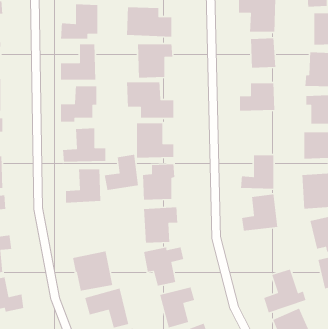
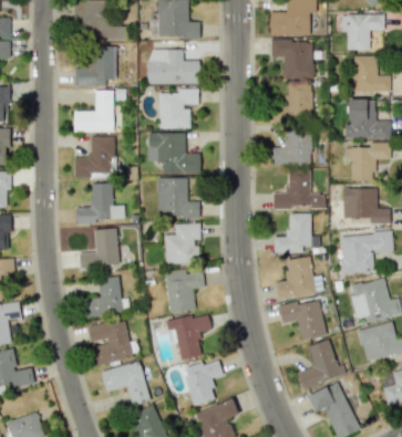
building: none -> [272,168,311,207]
building: [104,154,139,191] -> [84,275,123,316]
building: none -> [279,298,327,340]

